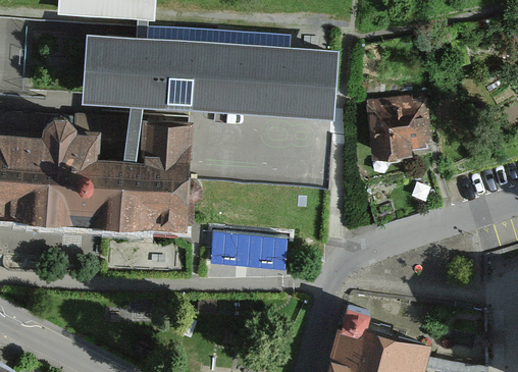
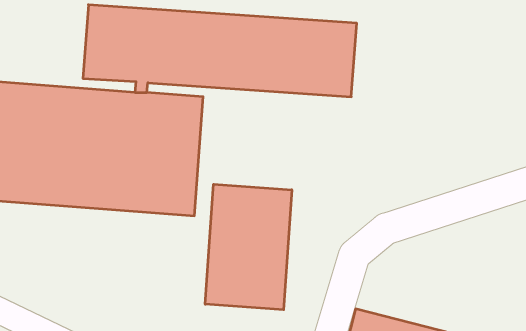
building: [367,91,433,150] -> none
building: none -> [205,184,292,310]

